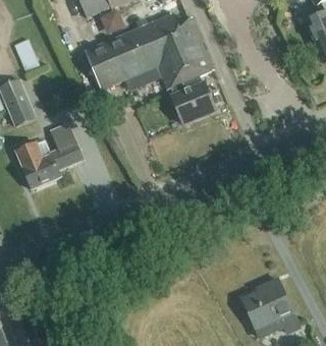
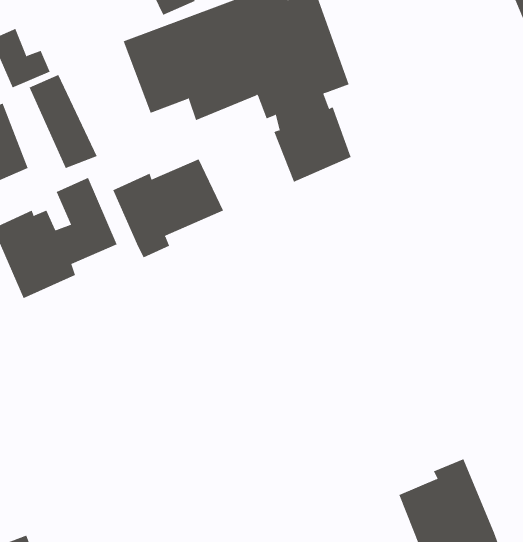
building: none -> [29,74,98,169]
building: none -> [112,158,224,258]

